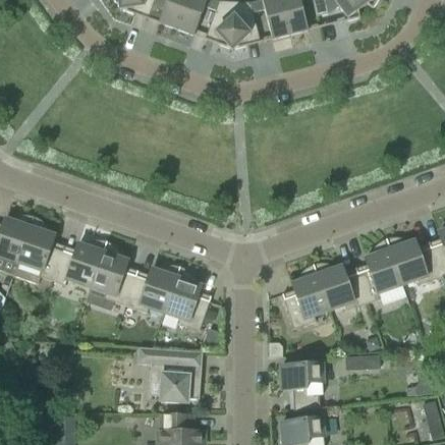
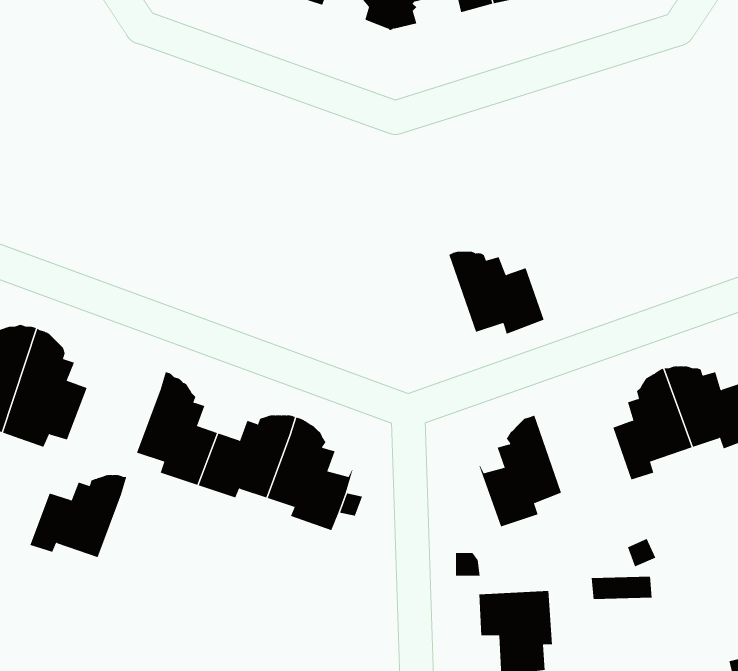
building: [50,240,105,287] -> [29,475,127,558]
building: [313,264,367,311] -> [448,251,544,334]
building: [135,347,202,403] -> none

